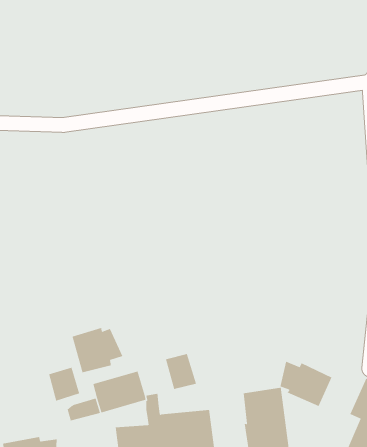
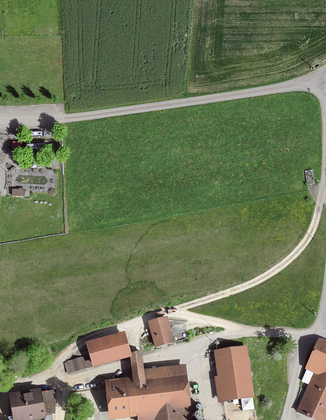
building: [72,327,123,373] -> none
building: [280,361,332,407] -> none
building: [49,367,80,402] -> none

